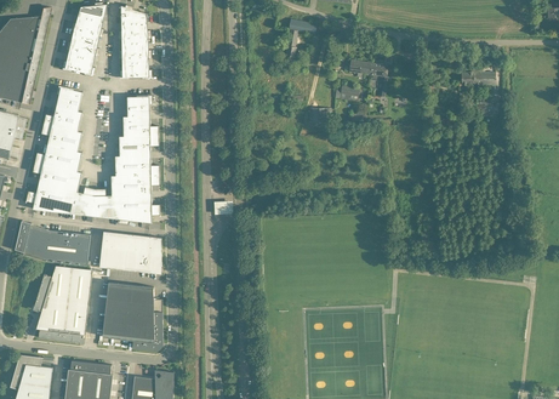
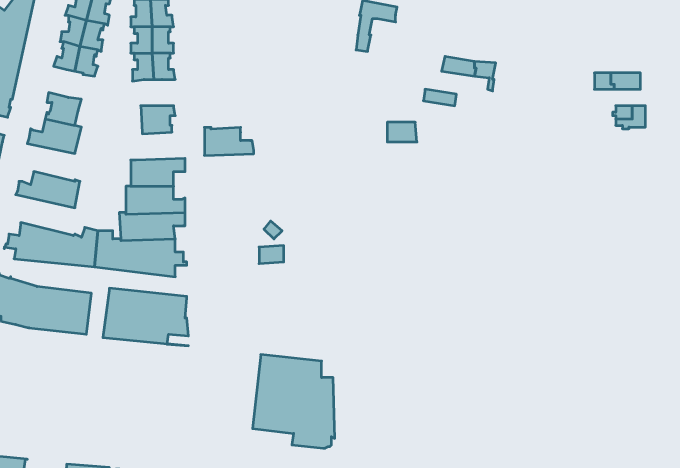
building: [121,115,158,136] -> [204,127,254,155]
building: [40,124,80,152] -> none
building: [30,161,80,192] -> none
building: [33,264,91,342] -> none
building: [101,281,161,350] -> [253,355,335,448]

